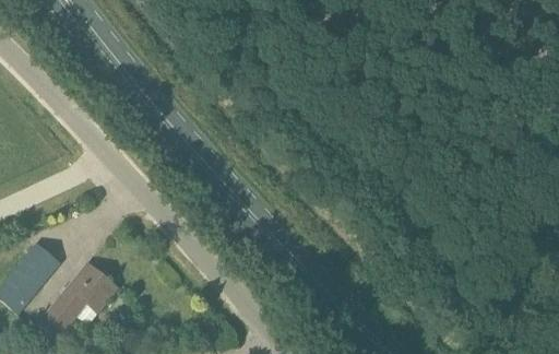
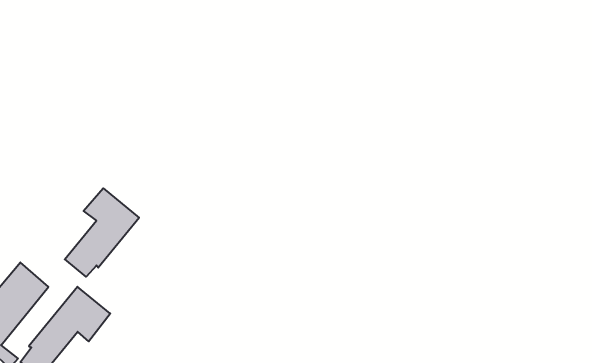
building: none -> [65,188,139,277]

